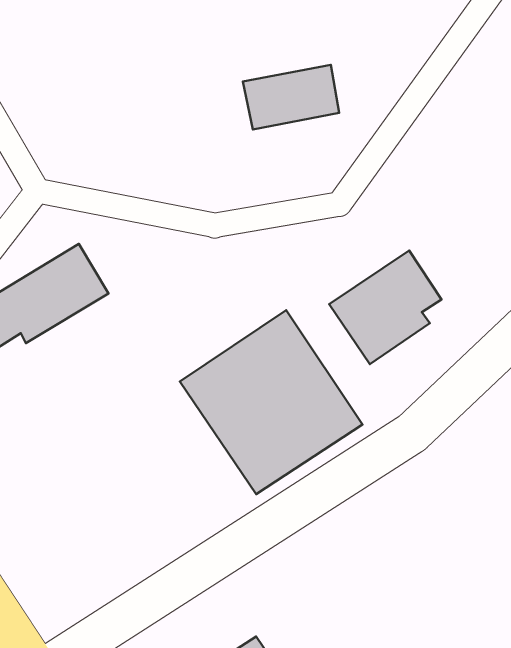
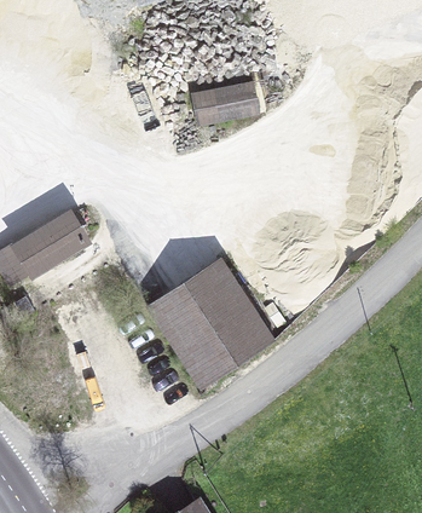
building: [329,250,442,364] -> none

